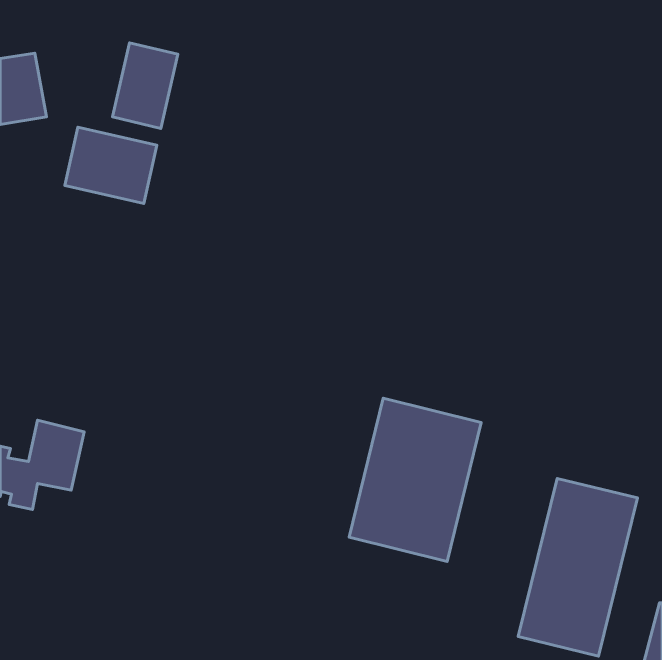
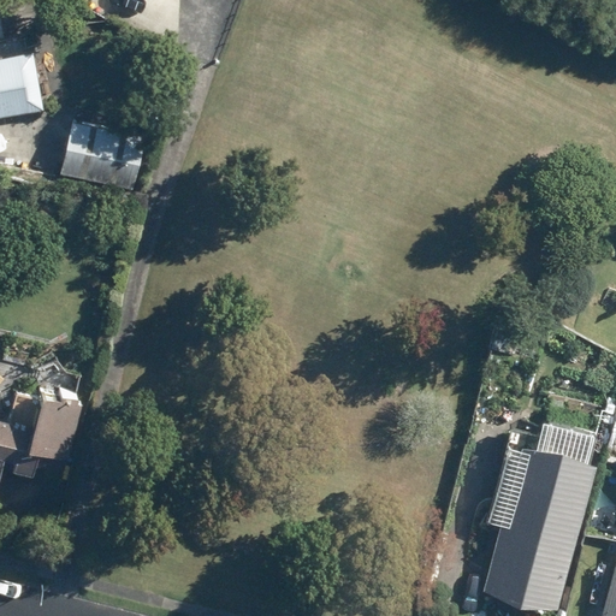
building: [112,43,178,128] -> none
building: [349,398,481,561] -> none

